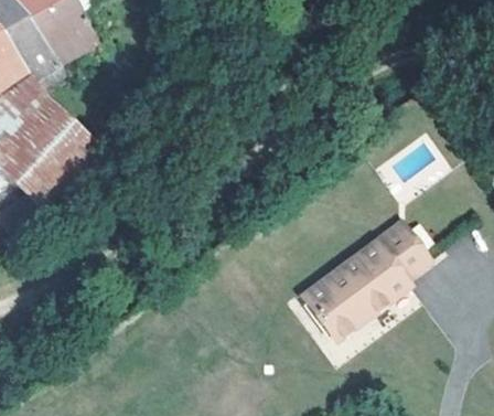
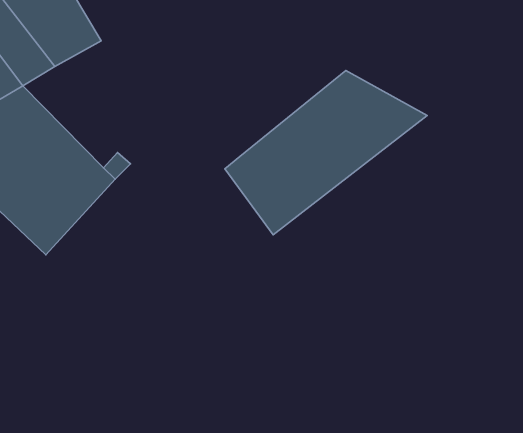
building: none -> [225,71,427,235]
building: [298,217,423,338] -> none

